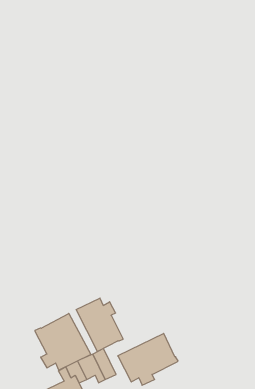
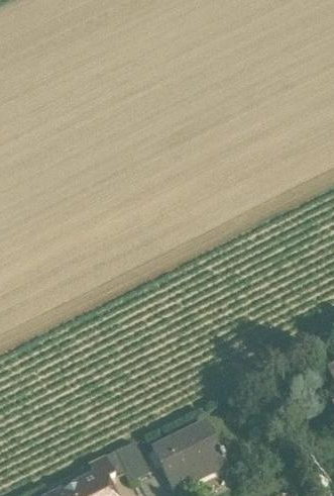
building: [76,298,123,352] -> none
building: [35,313,91,370] -> none

